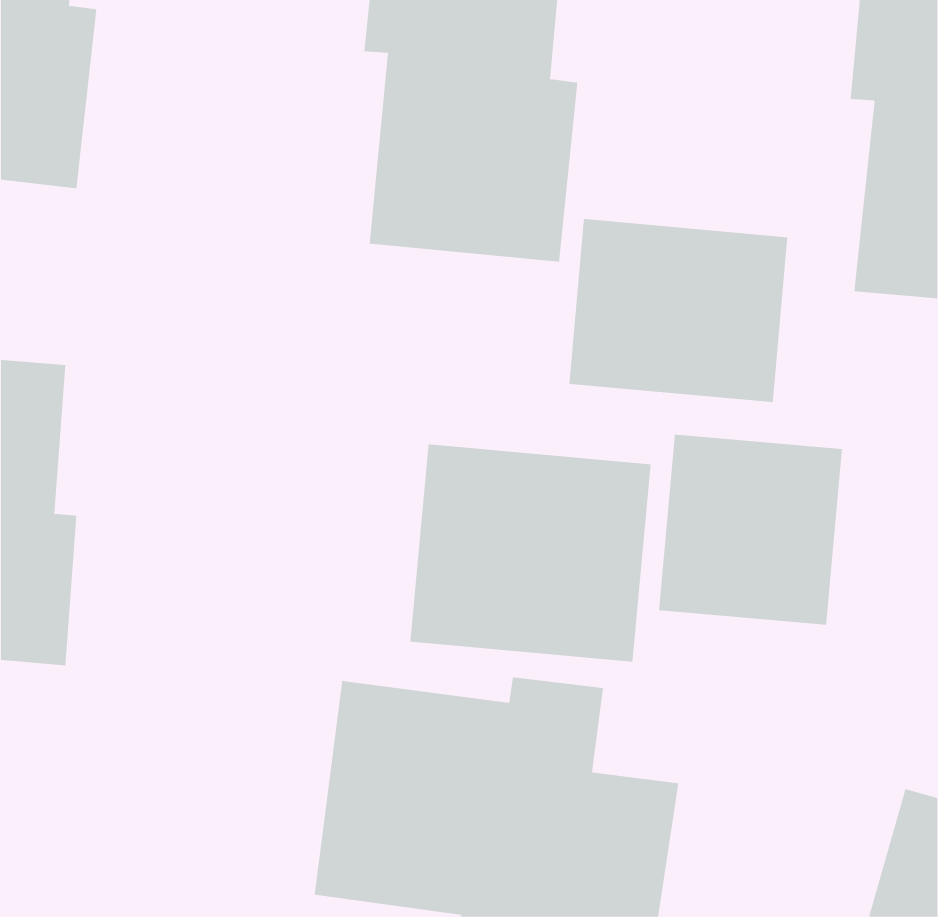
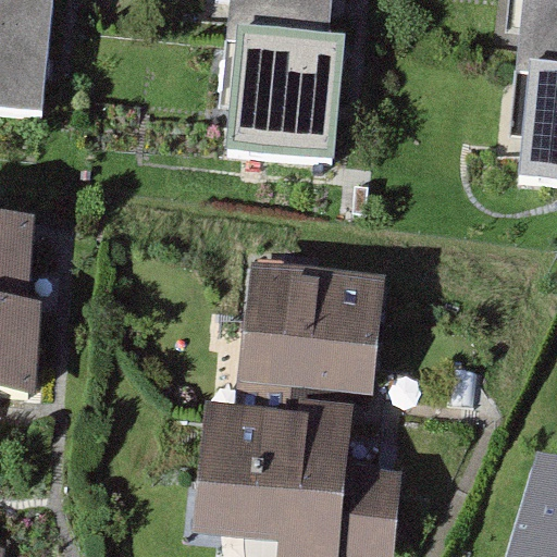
building: [569,218,788,403] -> none
building: [659,434,842,625] -> none

